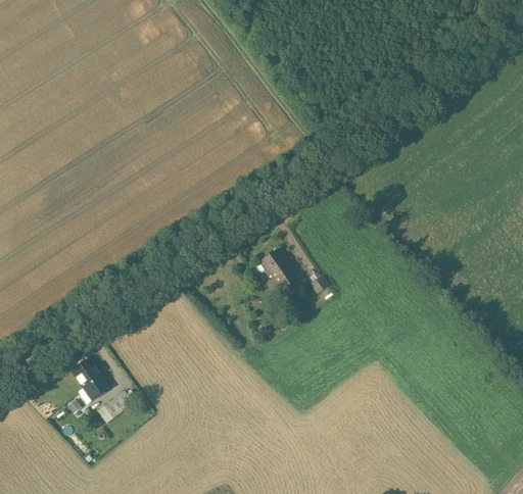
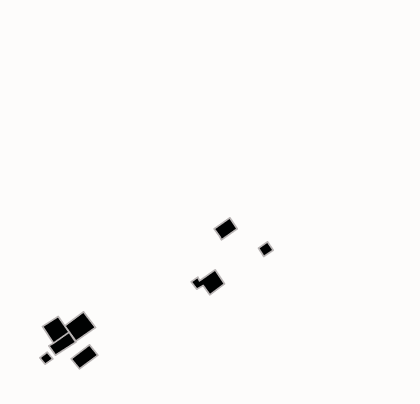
building: [260,262,297,290] -> [191,270,224,295]
building: none -> [65,312,96,341]

